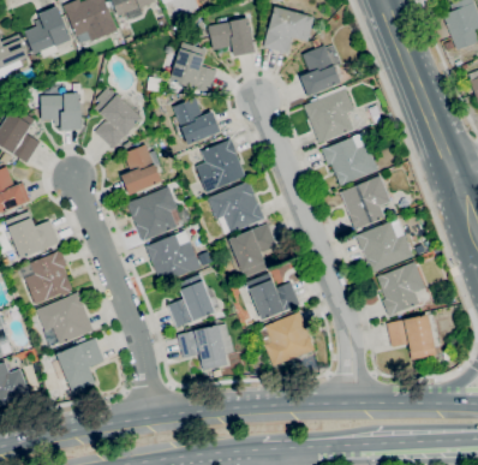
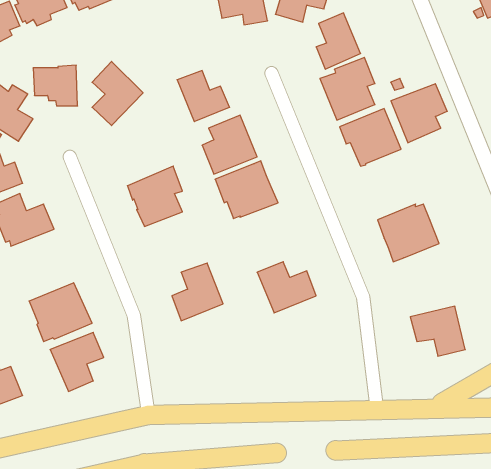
building: [169,42,217,95] -> none
building: [121,145,162,196] -> none
building: [340,177,392,231] -> [391,84,447,143]
building: [229,223,277,279] -> none
building: [147,232,201,285] -> none
building: [25,251,73,305] -> none
building: [377,262,426,316] -> none
building: [259,312,315,366] -> none
building: [178,326,228,371] -> none

